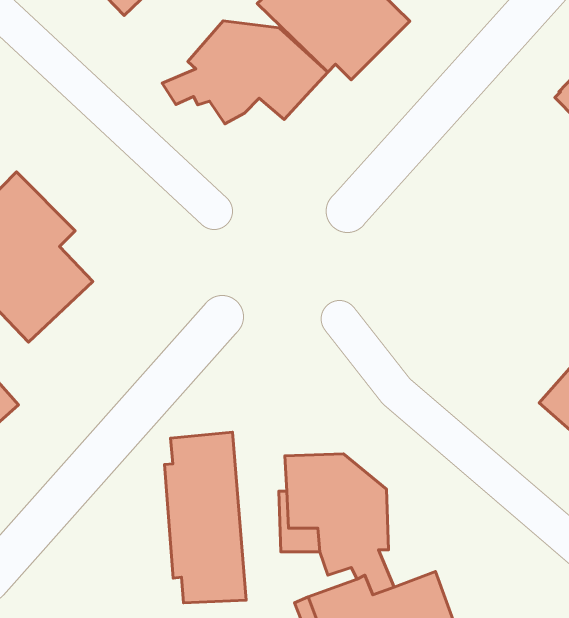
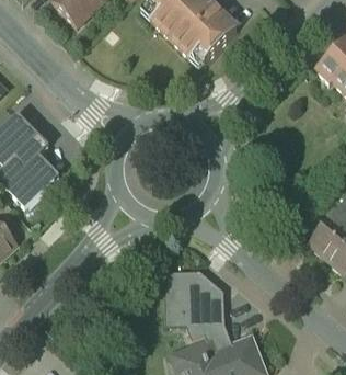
building: [162,21,328,124] -> none
building: [164,432,246,603] -> none

